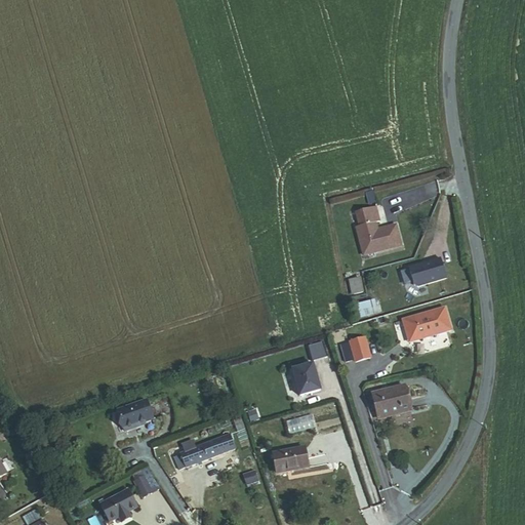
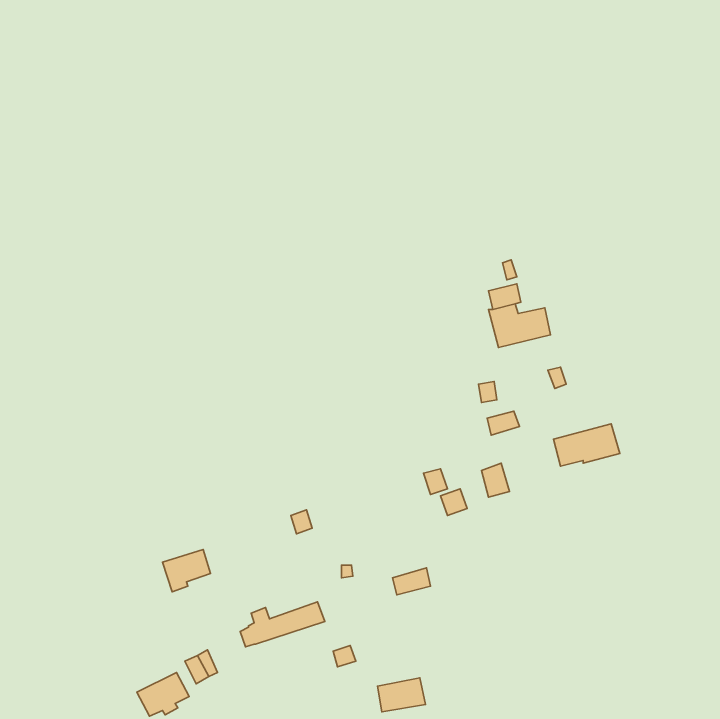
building: [410,256,448,284] -> none
building: [292,362,321,395] -> none
building: [370,383,410,416] -> none
building: [273,446,308,471] -> [377,678,425,712]

